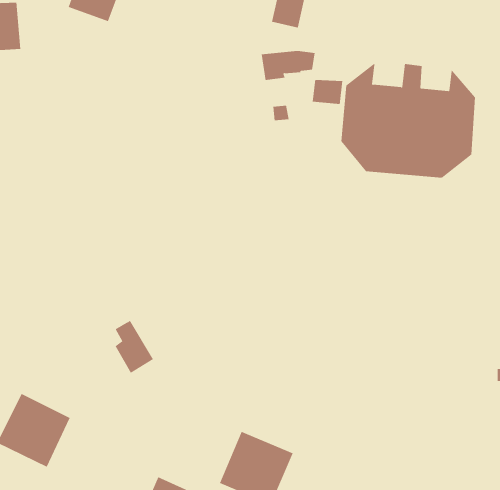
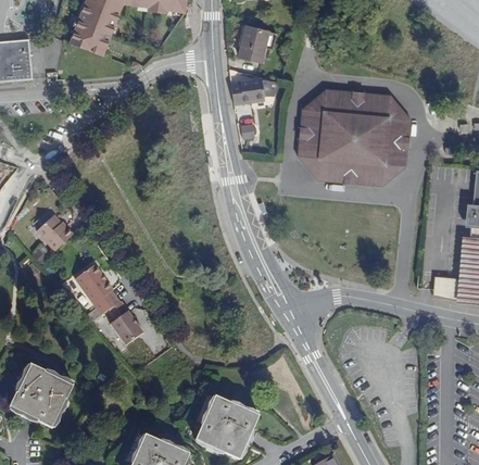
building: none -> [364,91,389,112]
building: [312,80,343,104] -> [324,88,350,109]
building: none -> [37,215,74,252]
building: none -> [77,264,119,315]

